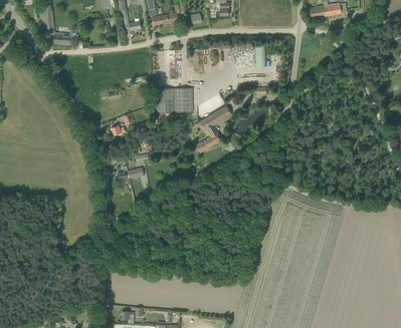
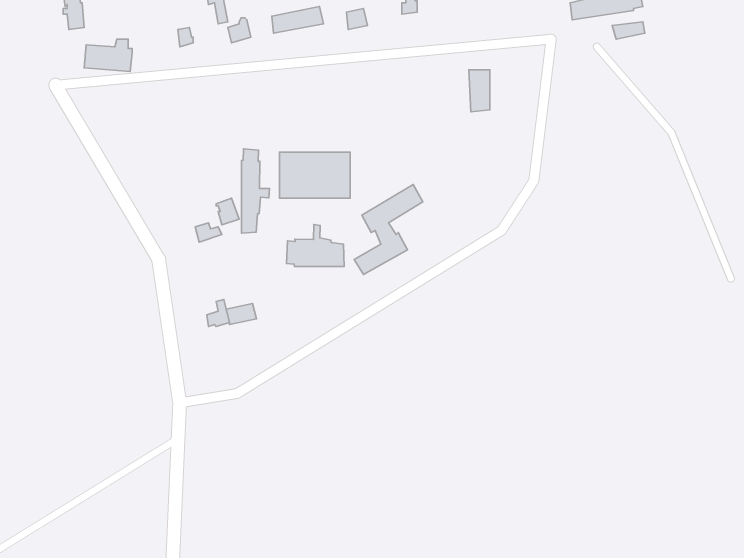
building: none -> [241,149,270,233]
building: none -> [287,224,344,267]

